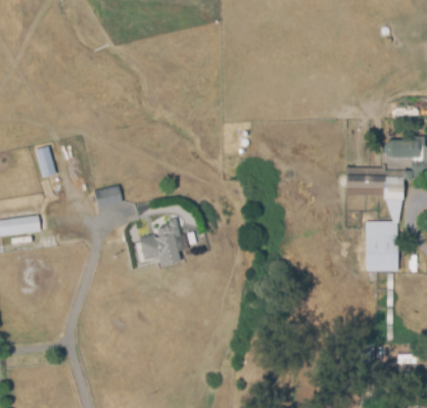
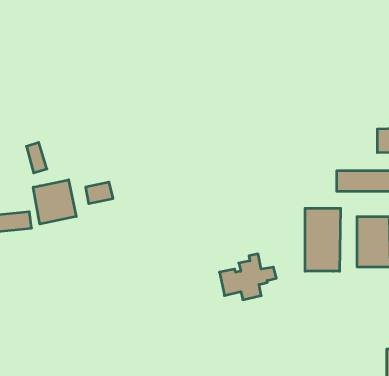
building: none -> [33,180,76,224]
building: none -> [305,208,341,271]
building: [139,219,196,265] -> [219,254,276,300]

